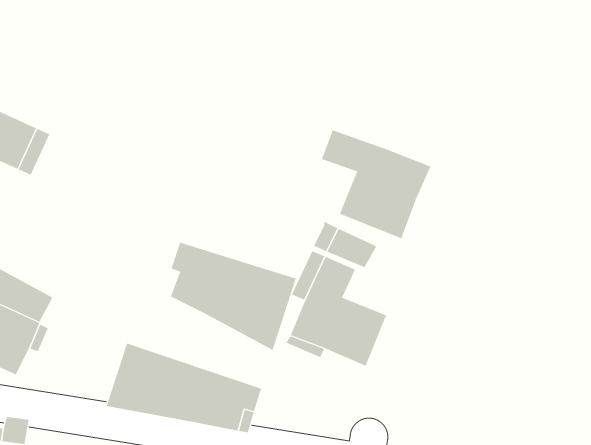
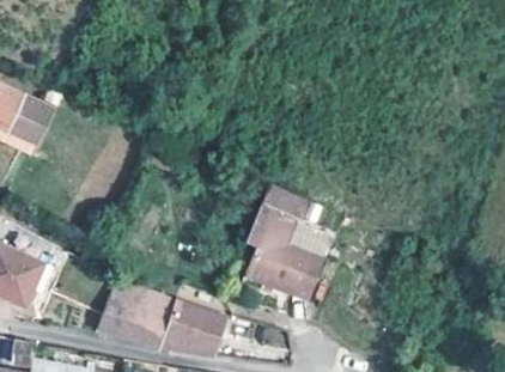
building: [321,129,431,239] -> none
building: [170,242,297,351] -> none

